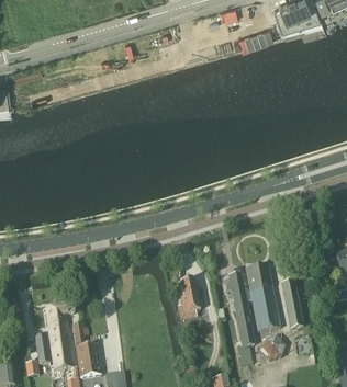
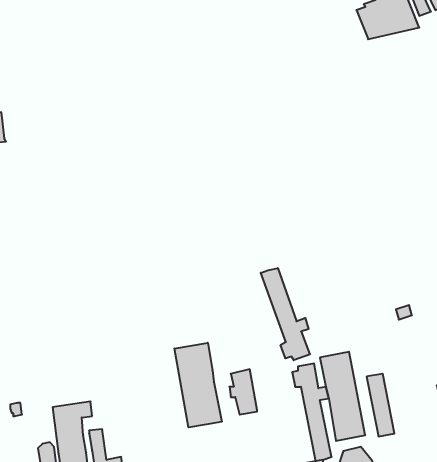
building: none -> [261,268,310,360]
building: none -> [174,343,222,427]

